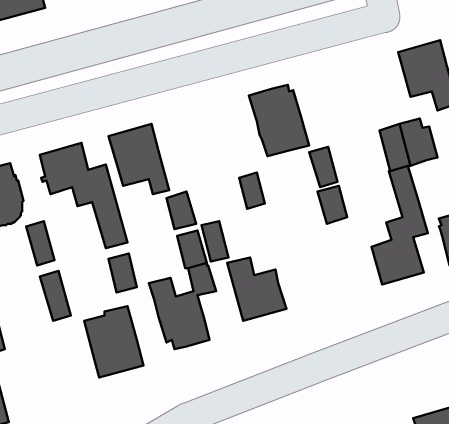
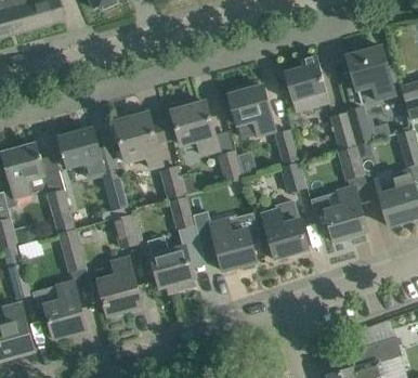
building: none -> [283,55,329,112]
building: none -> [171,101,219,153]
building: none -> [261,204,308,258]
building: none -> [31,281,87,338]

